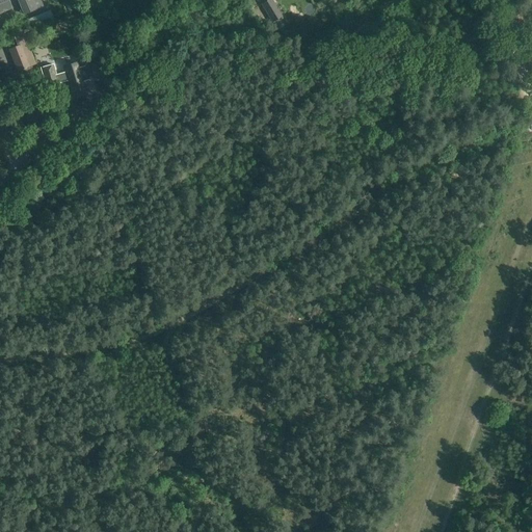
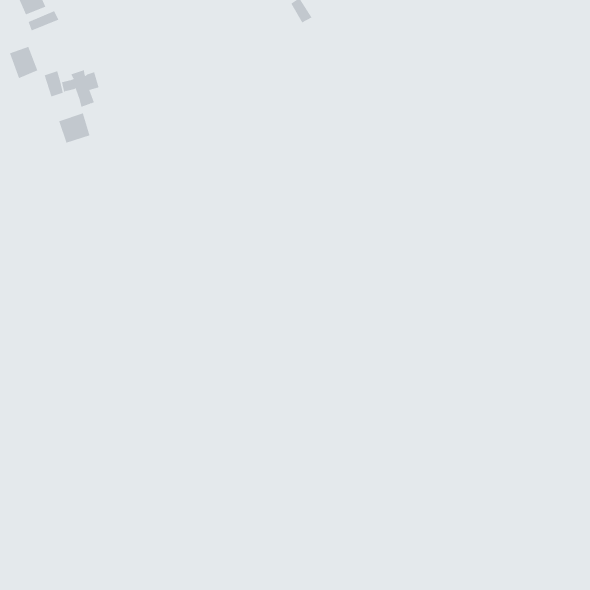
building: none -> [58,113,90,143]

